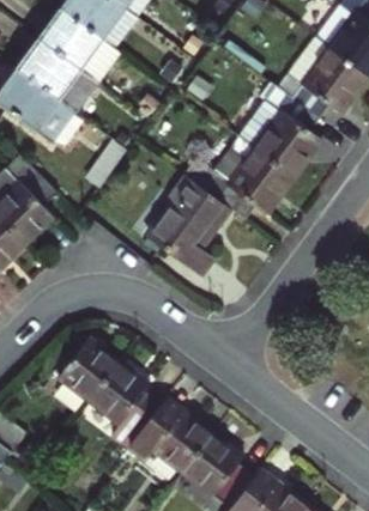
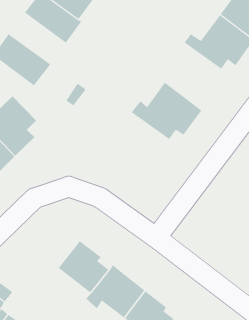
building: [16,37,98,111] -> none
building: [238,83,320,177] -> none
building: [149,176,232,278] -> none
building: [58,340,117,402] -> none

